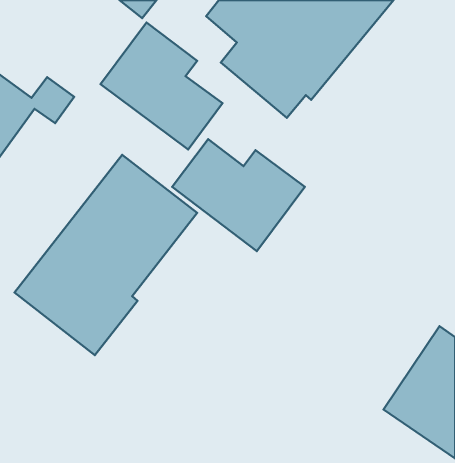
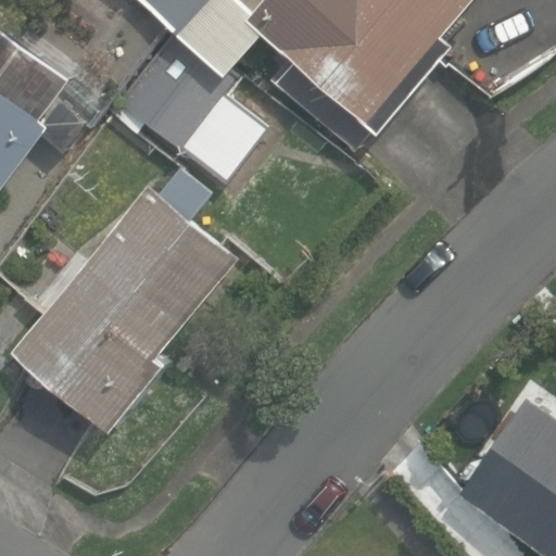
building: [172,139,305,251] -> none

